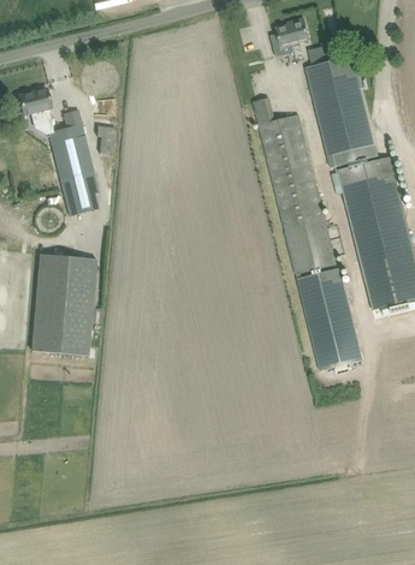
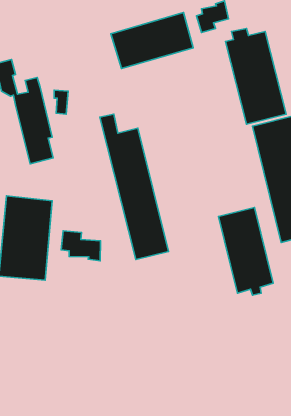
building: none -> [111,13,193,68]
building: [251,97,334,273] -> [100,114,169,259]
building: none -> [61,231,101,261]

